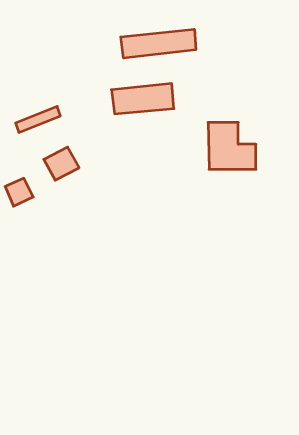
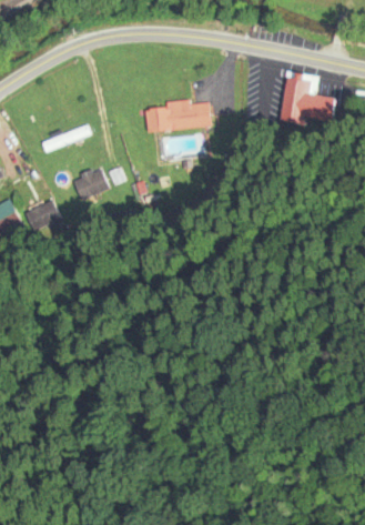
building: [121,29,196,58] -> none
building: [208,122,256,169] -> [283,73,334,123]

